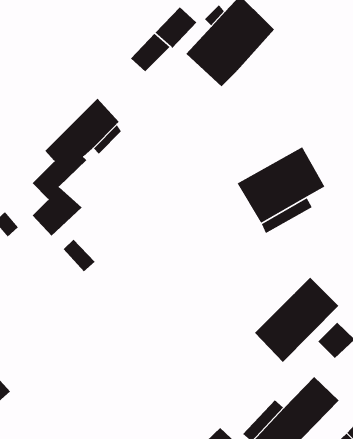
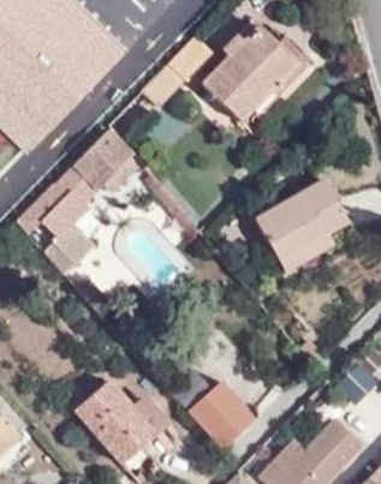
building: none -> [256,35,310,109]
building: [254,277,339,363] -> none
building: none -> [75,378,163,462]
building: none -> [187,378,256,448]

